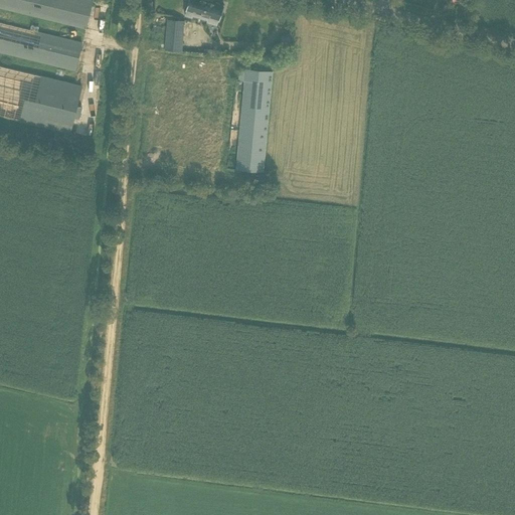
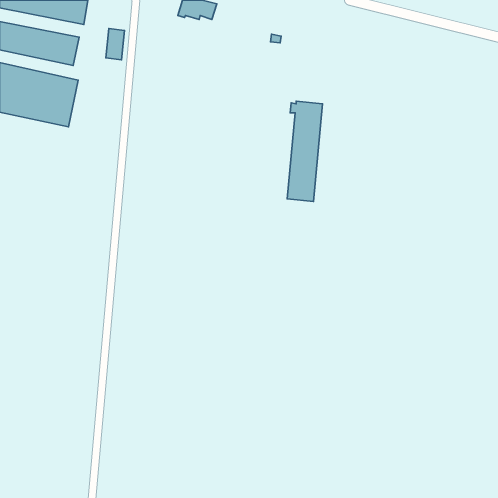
building: [164,20,183,52] -> [106,28,124,60]
building: [235,69,272,173] -> [287,101,322,202]

